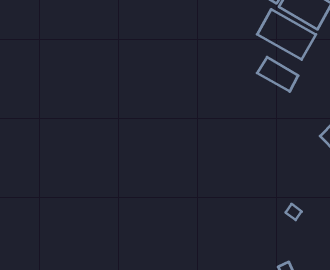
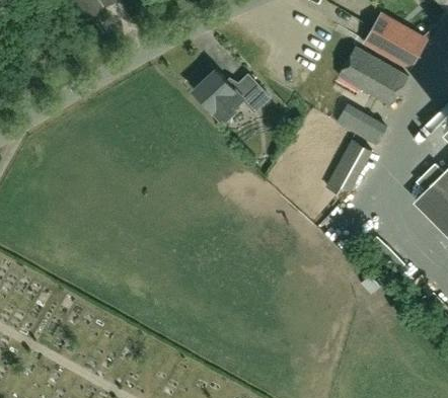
building: none -> [194,69,269,123]
building: none -> [330,141,373,191]

